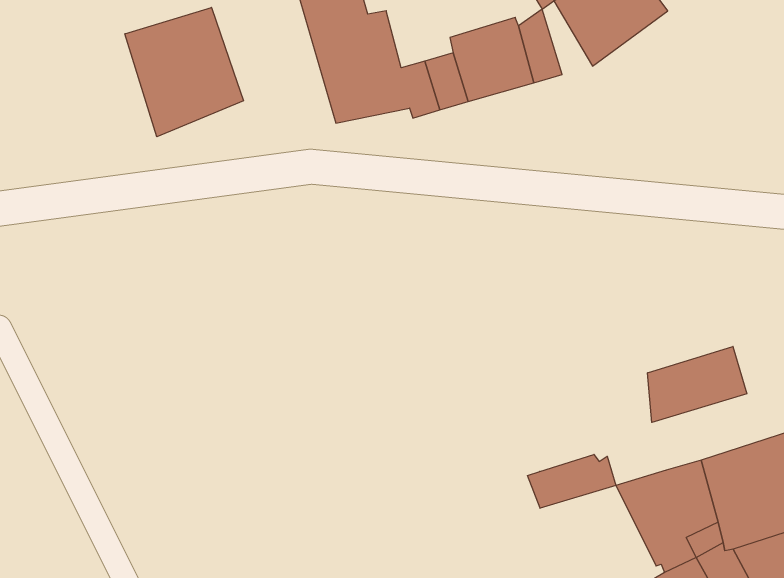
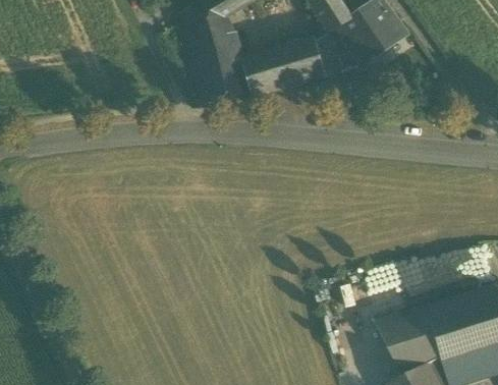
building: [125,7,244,137] -> none
building: [648,346,747,422] -> none
building: [527,454,616,508] -> none

